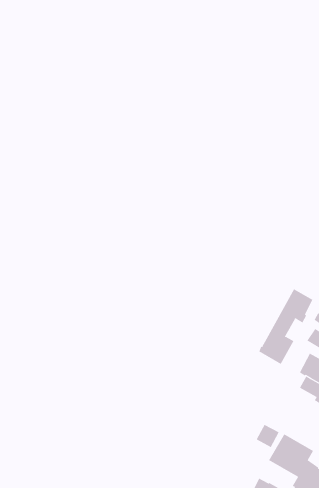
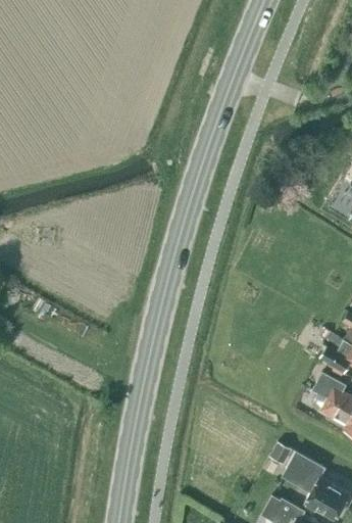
building: [258,289,313,365] -> none

